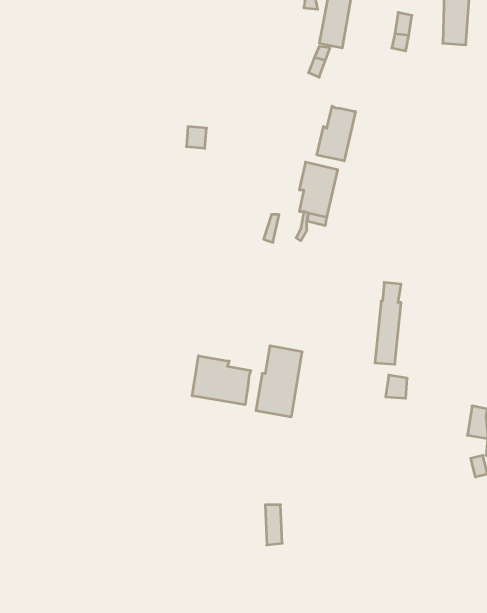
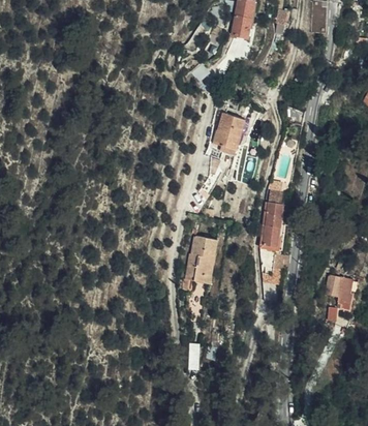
building: [317,106,355,161] -> none
building: [192,356,251,405] -> none

